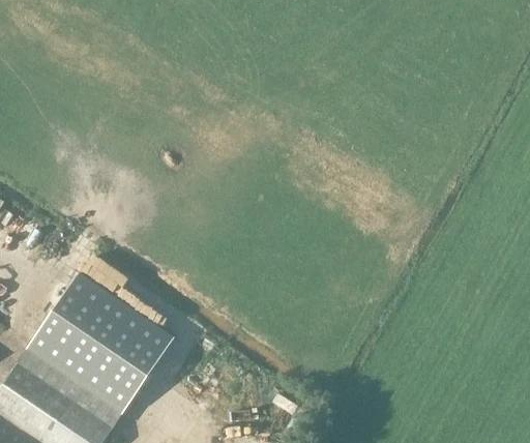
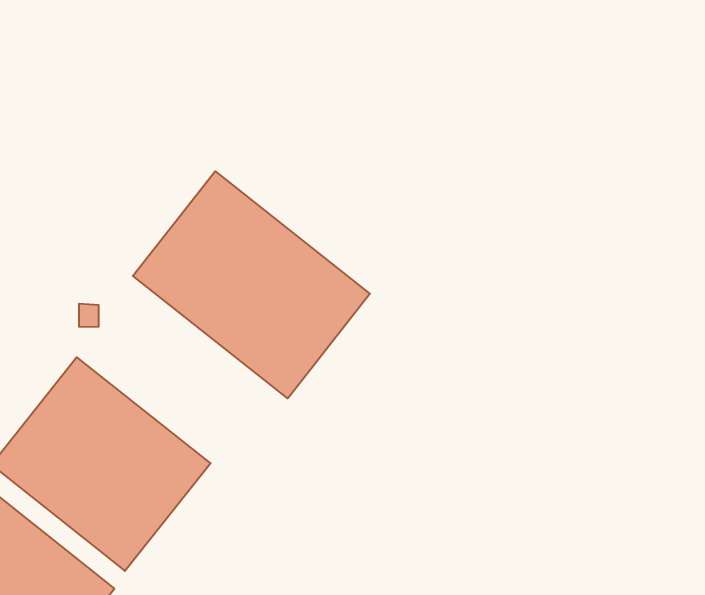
building: none -> [133,171,370,398]

